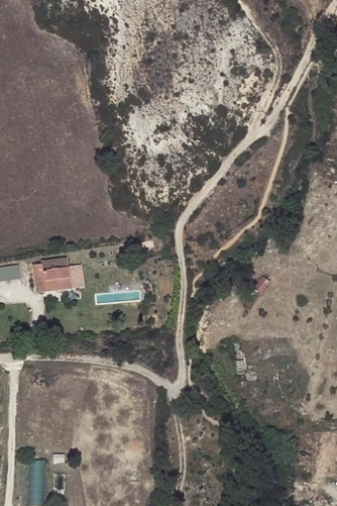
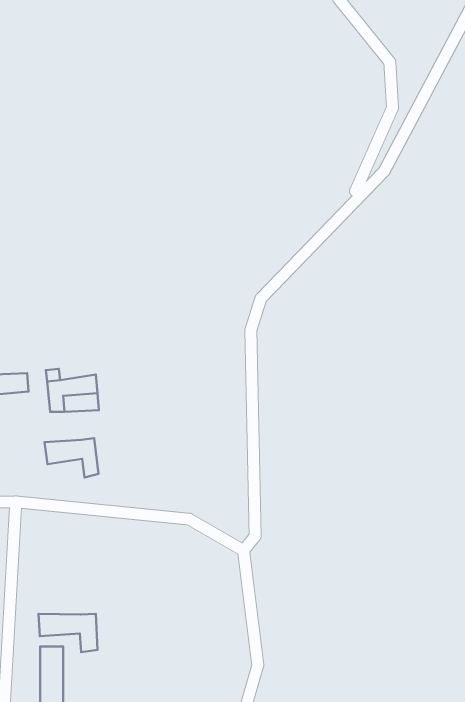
building: none -> [44,438,99,477]
building: none -> [38,614,98,652]

